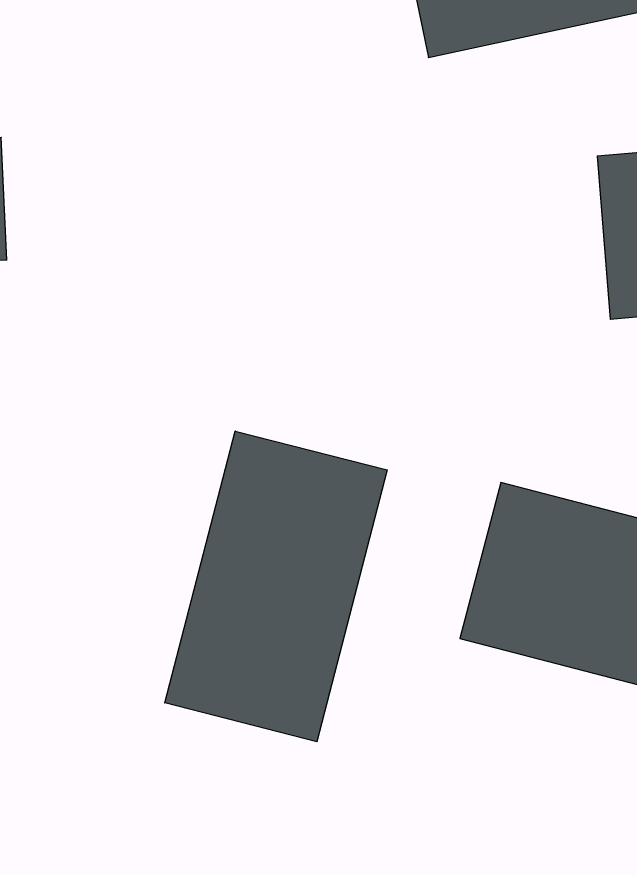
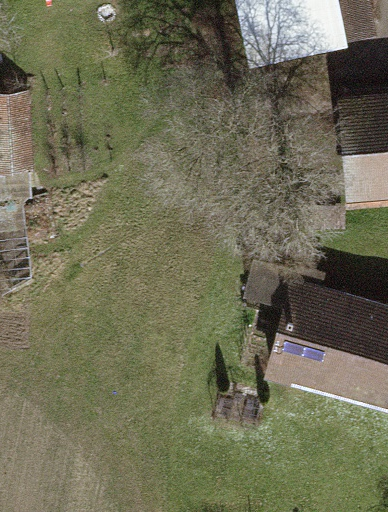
building: [165,431,387,742] -> none

